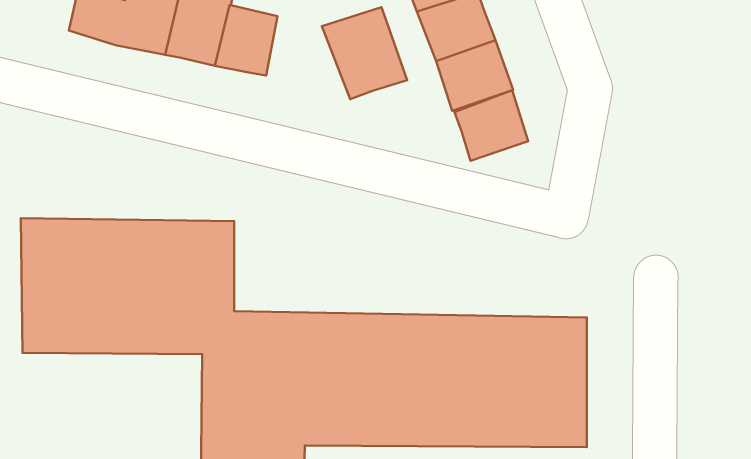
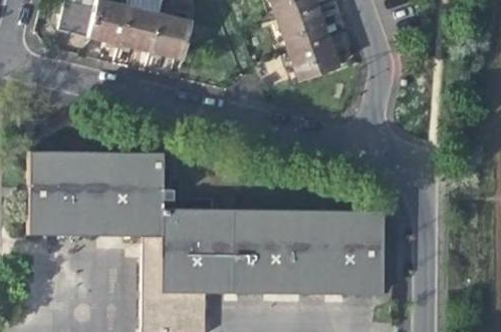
building: [322,7,407,99] -> none
building: [454,90,528,161] -> none

